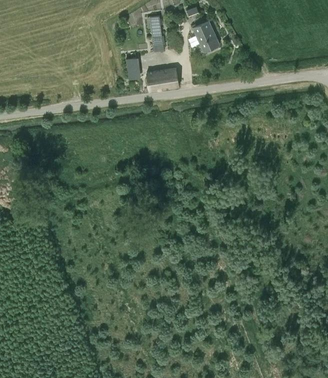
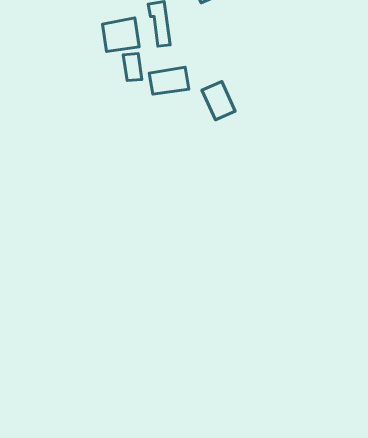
building: [193,21,220,52] -> [202,82,235,120]
building: none -> [103,18,139,51]

